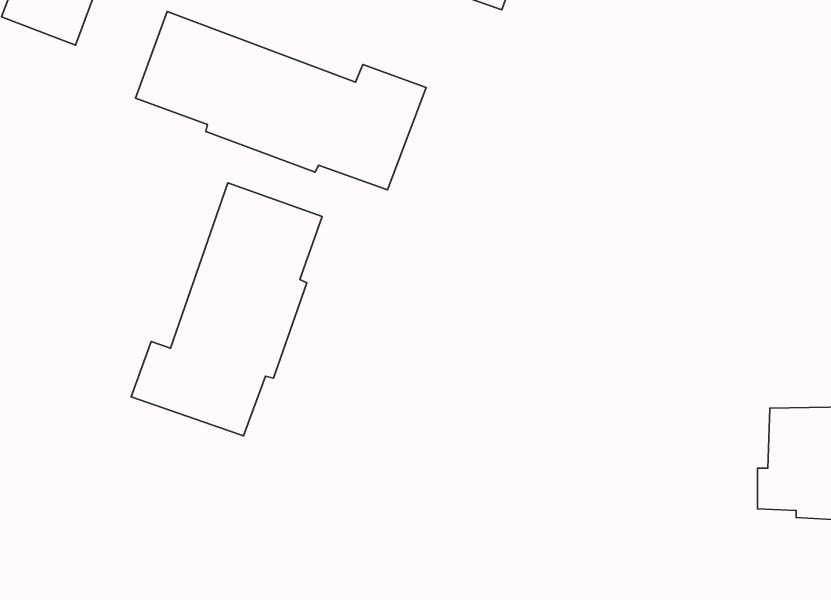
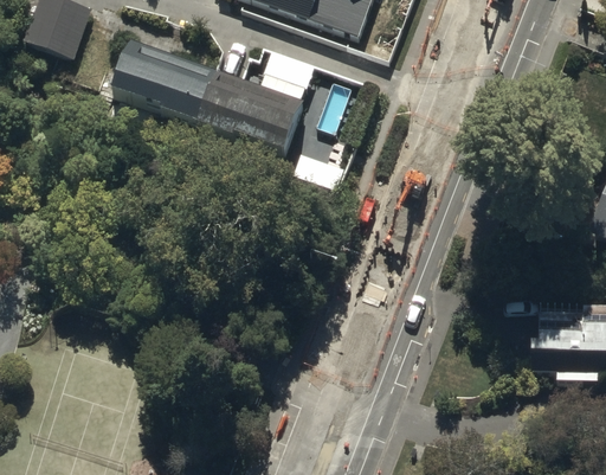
building: [131,183,322,436] -> none

